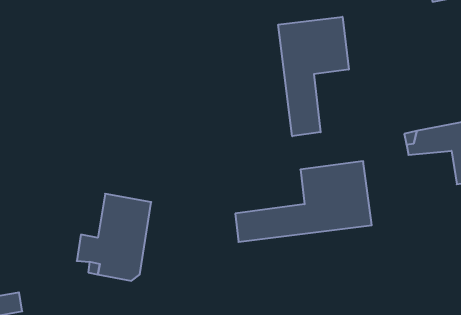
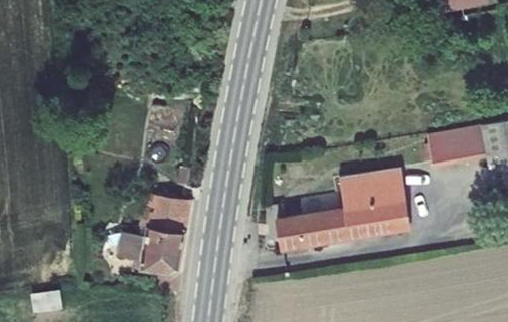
building: [278,17,349,136] -> none

